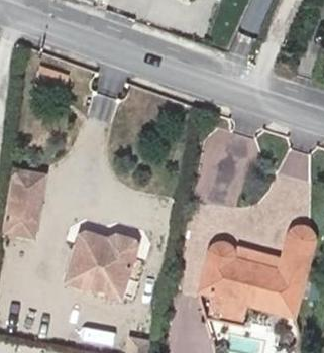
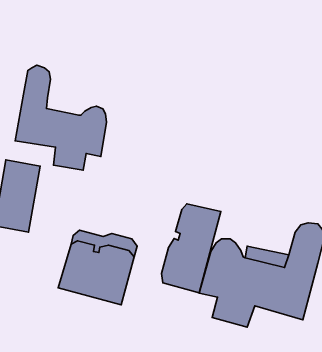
building: none -> [15,65,106,170]
building: none -> [161,204,221,293]

